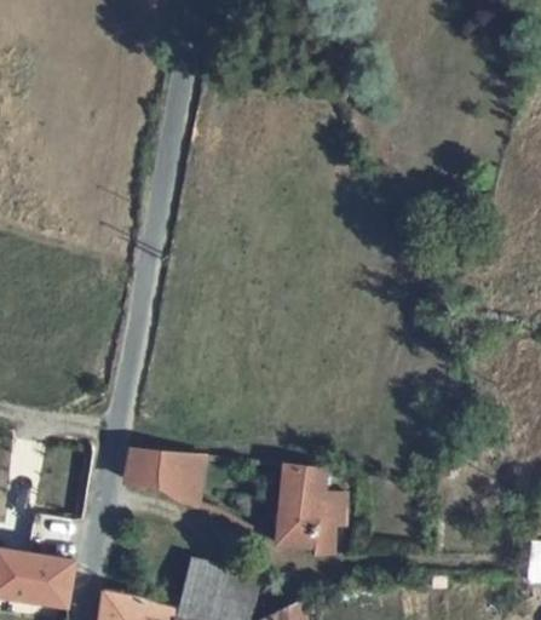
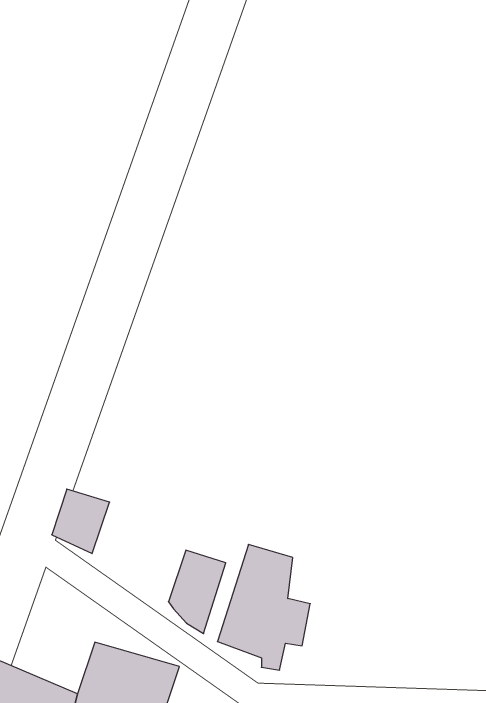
building: [163,448,203,511] -> [168,550,226,634]

